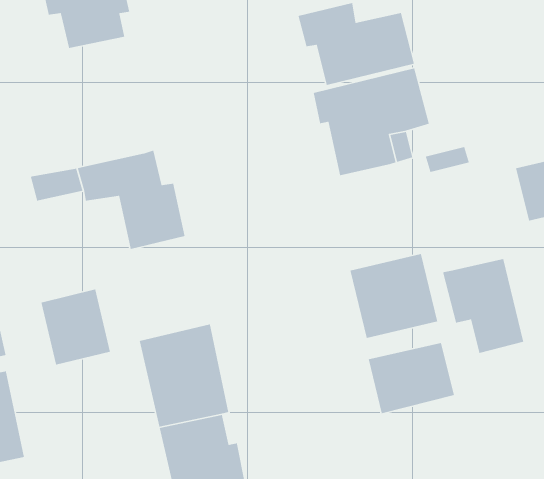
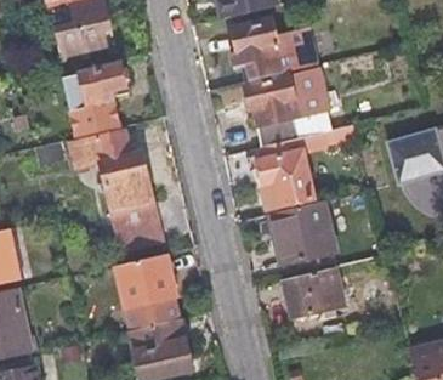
building: none -> [62,66,127,140]
building: [442,258,524,354] -> [254,138,313,208]
building: [41,289,111,366] -> [109,191,160,246]

